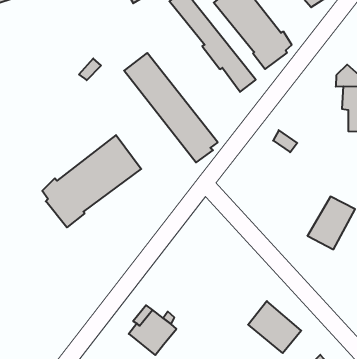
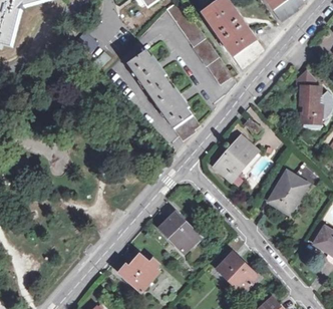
building: [42,135,141,227] -> none
building: none -> [213,135,256,180]
building: none -> [158,211,199,252]

